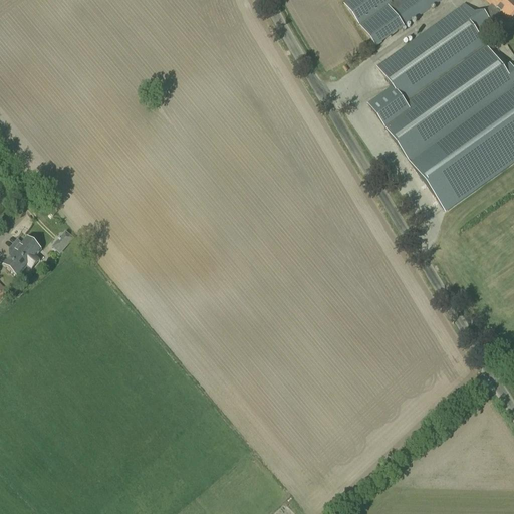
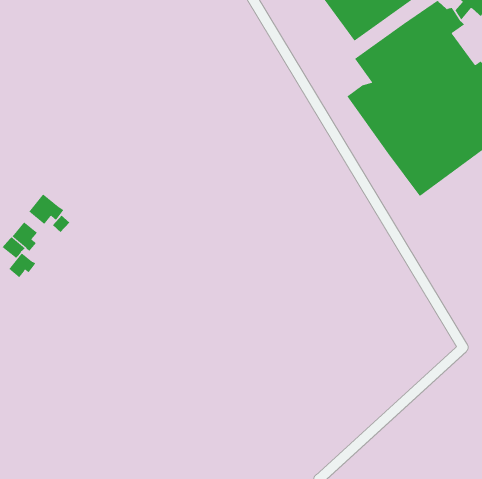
building: none -> [28,194,64,225]
building: none -> [9,253,36,278]

